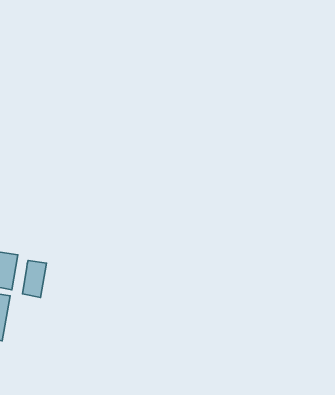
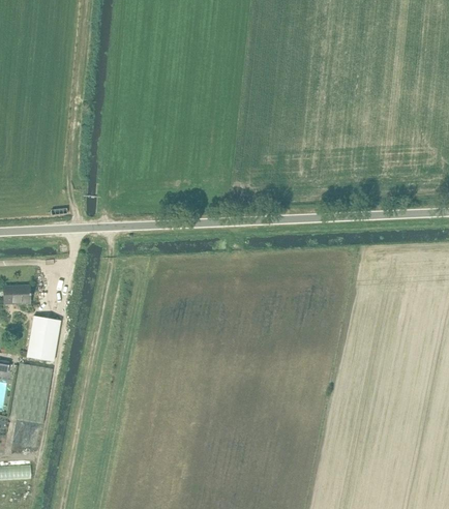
building: [23,261,46,297] -> none

